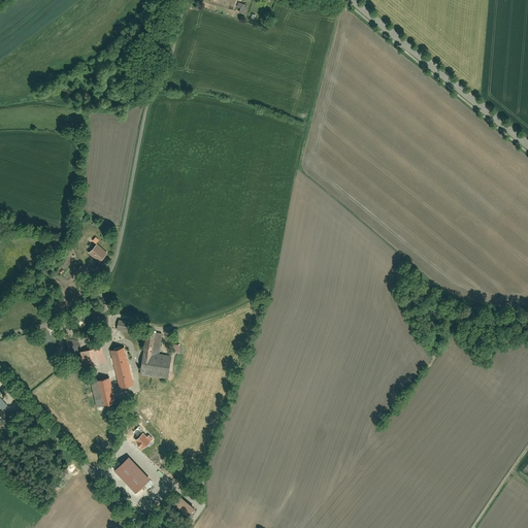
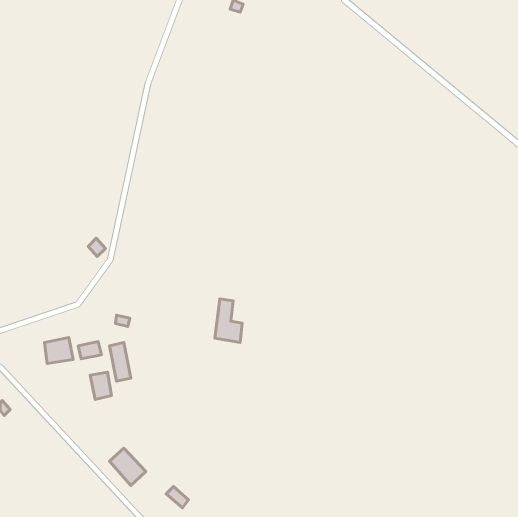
building: [141,332,169,376] -> [215,299,242,342]
building: none -> [44,337,73,364]

